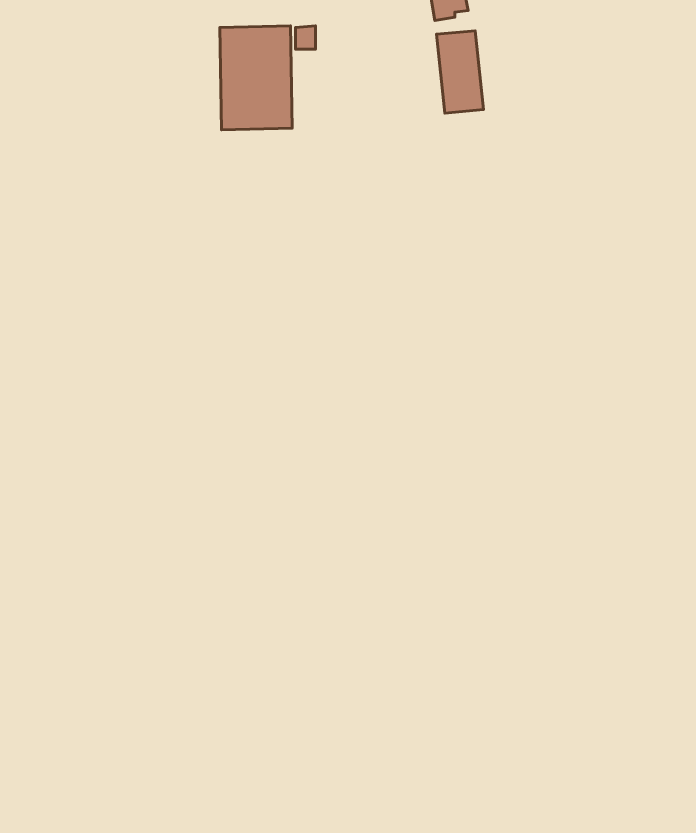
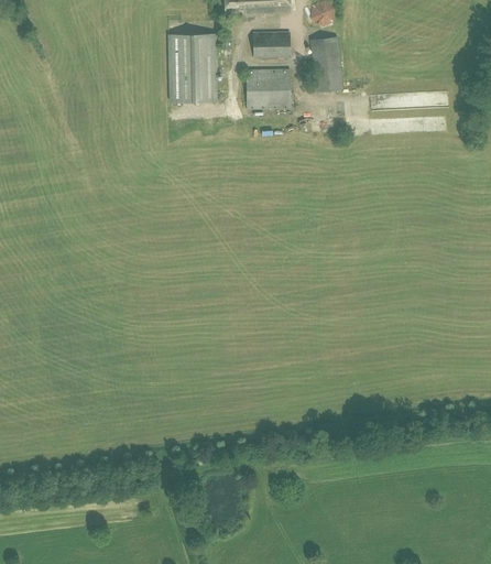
building: none -> [253,31,291,57]
building: none -> [247,69,291,109]

